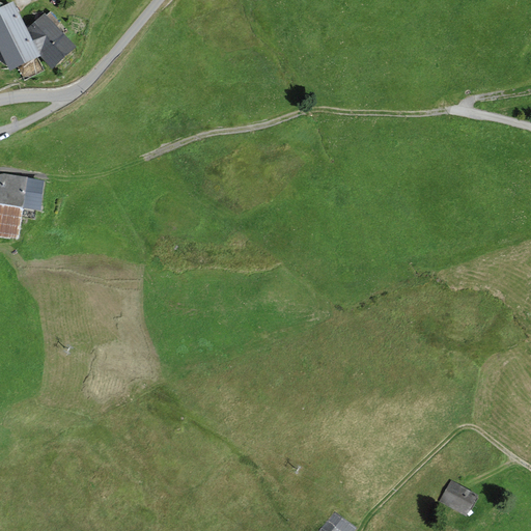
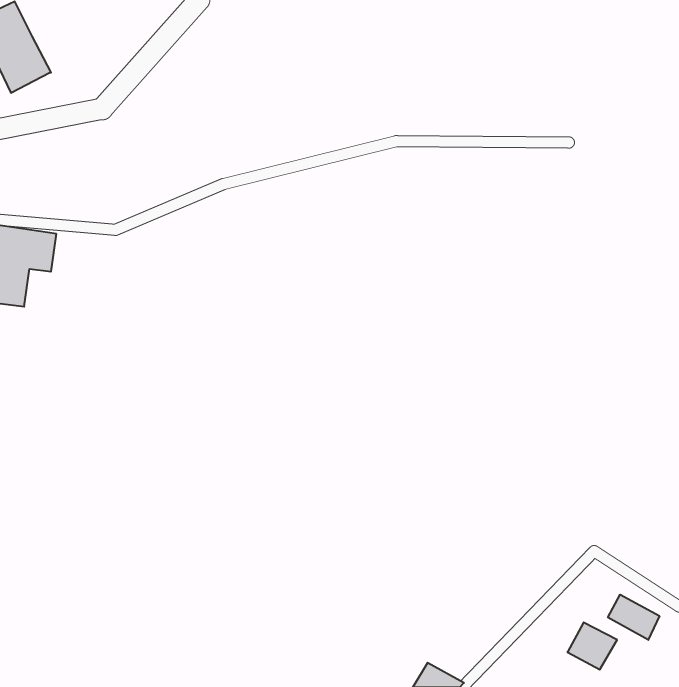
building: [25,13,74,69] -> none
building: none -> [608,595,659,640]

